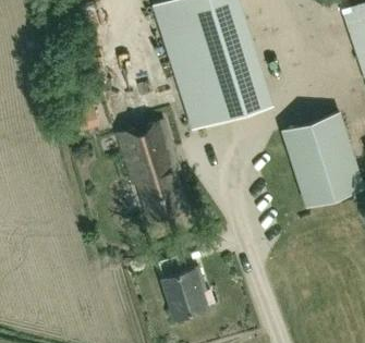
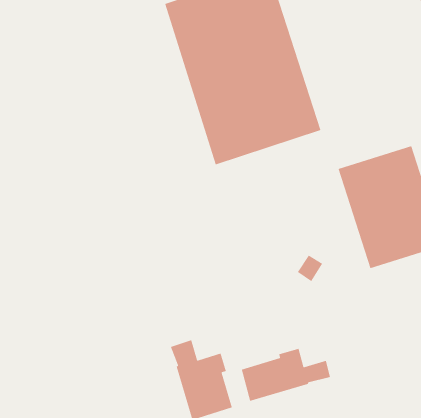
building: [118,122,187,223] -> none
building: none -> [241,348,331,402]

